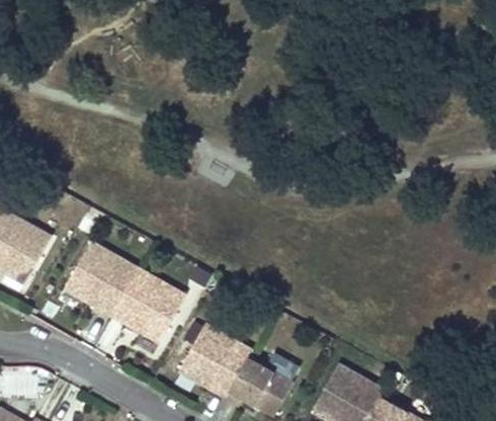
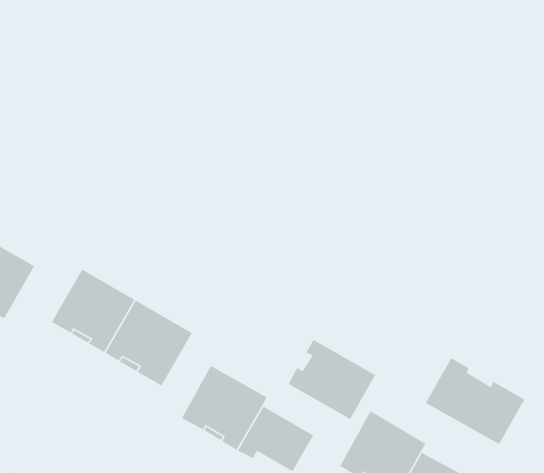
building: none -> [287,339,376,420]
building: none -> [425,357,526,445]

